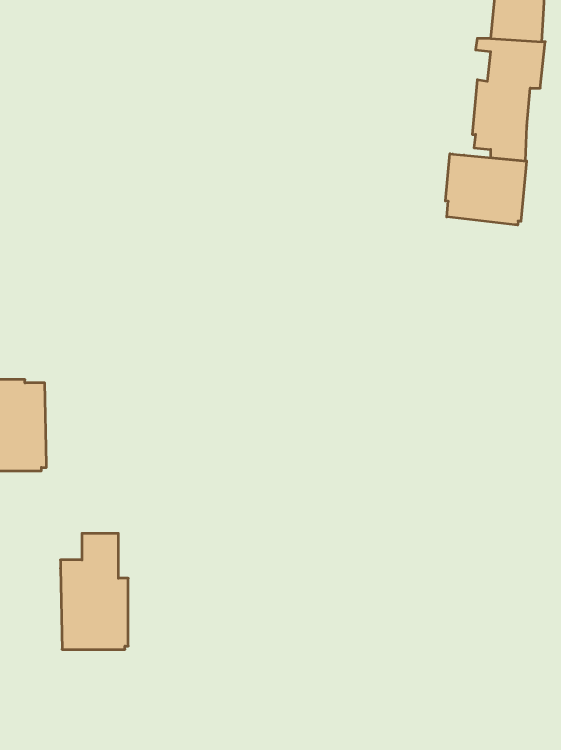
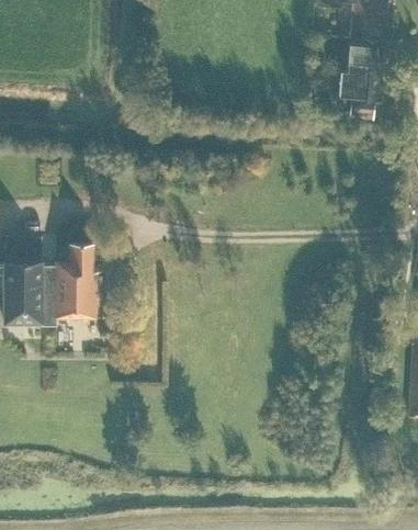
building: [445,154,527,225] -> none
building: [60,533,128,649] -> [55,243,100,319]

